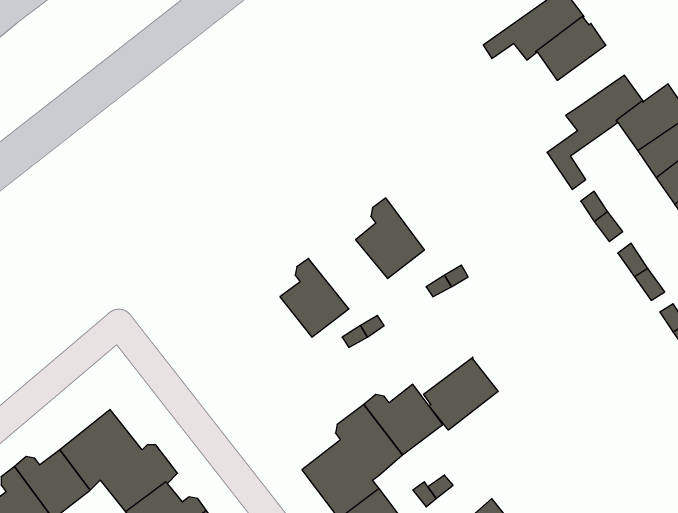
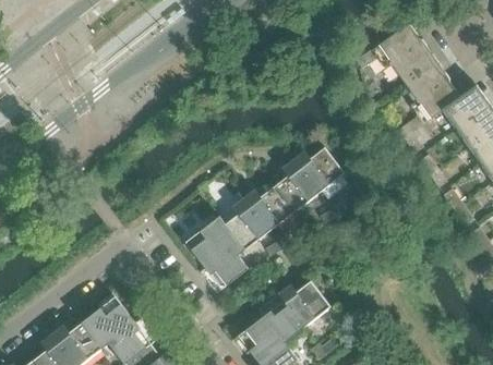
building: none -> [404,60,447,101]
building: none -> [292,147,344,193]
building: none -> [242,186,293,231]
building: none -> [184,216,248,293]
building: [424,357,498,430] -> none

